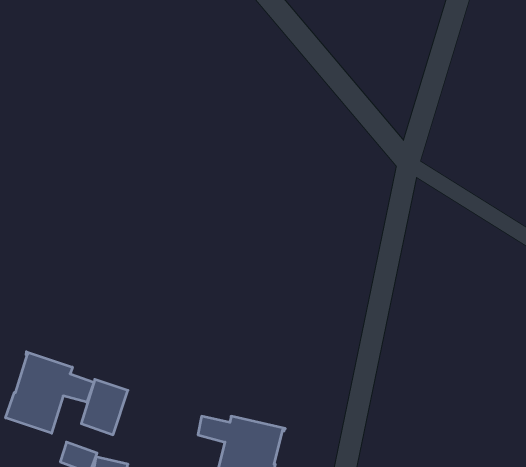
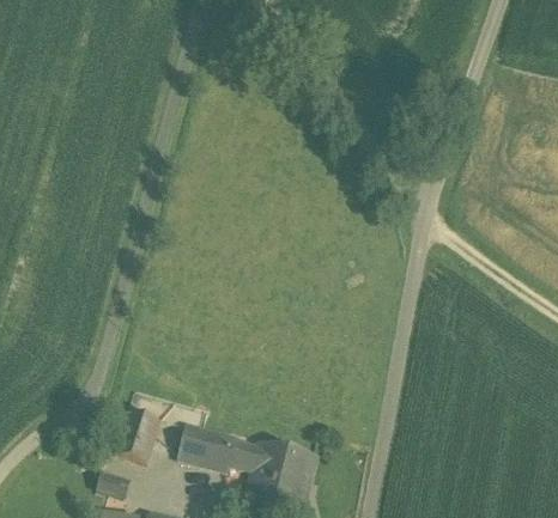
building: [6,352,94,433] -> none
building: none -> [178,425,235,468]

